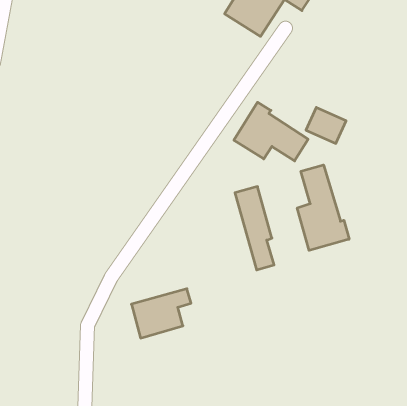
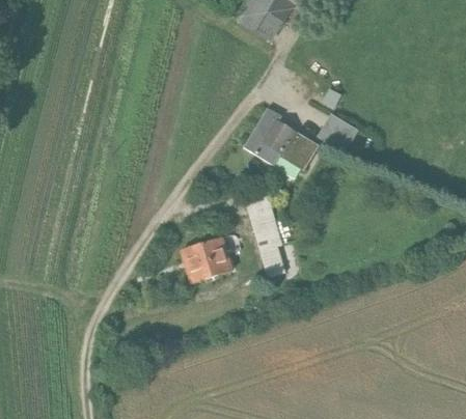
building: [297,165,349,250] -> none
building: [131,289,191,338] -> [180,234,240,284]

